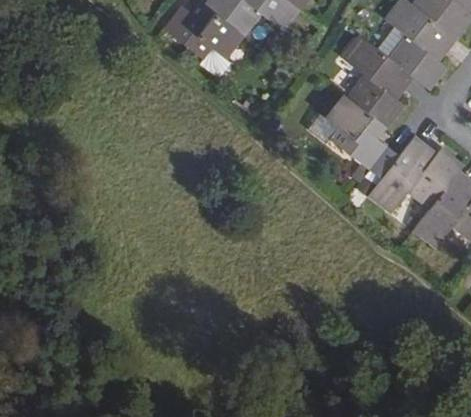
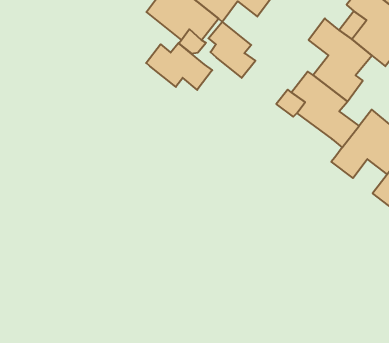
building: none -> [208,22,255,78]
building: none -> [146,43,212,90]

